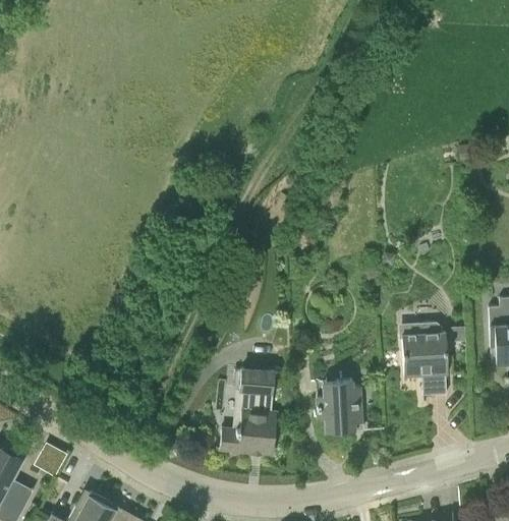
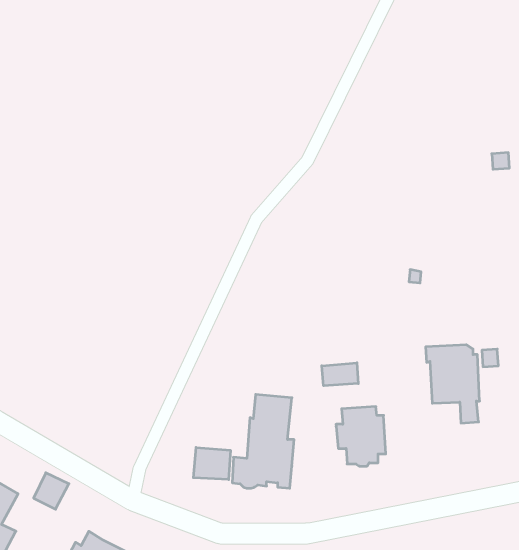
building: none -> [322,363,358,386]
building: none -> [193,447,230,480]

